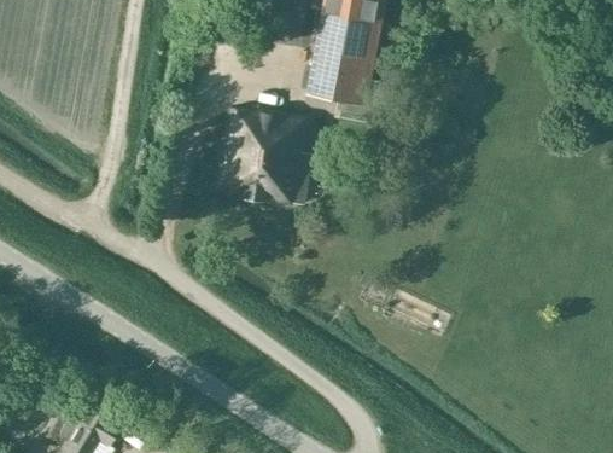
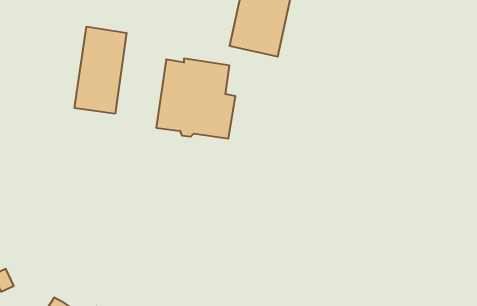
building: none -> [75,27,127,114]

